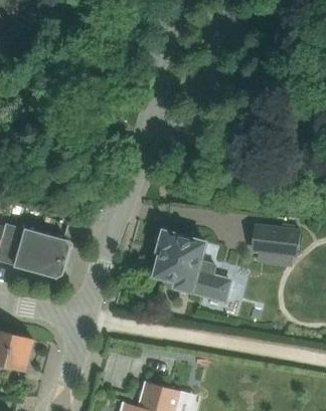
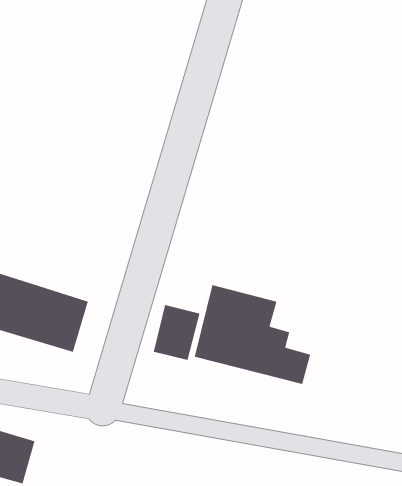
building: [240,226,290,267] -> none
building: none -> [153,304,200,361]

